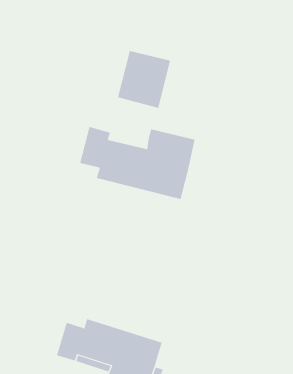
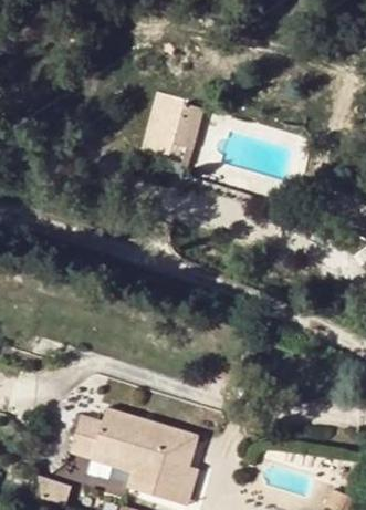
building: [80,126,195,200] -> none

